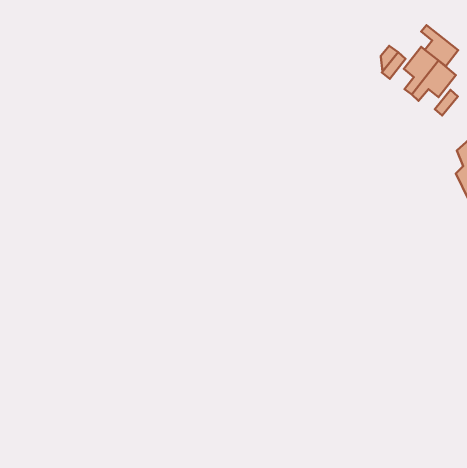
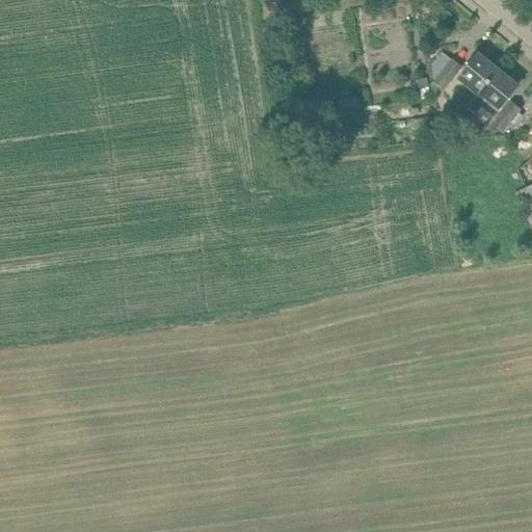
building: [421,25,458,66] -> none

